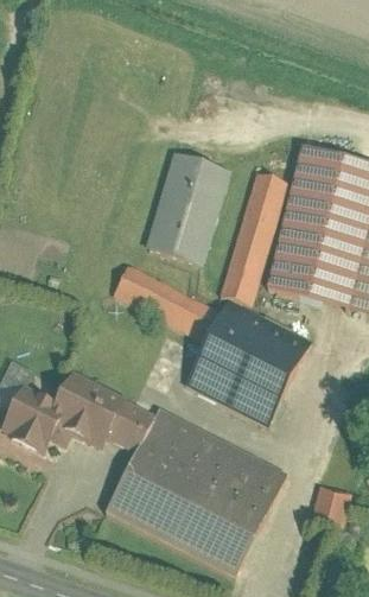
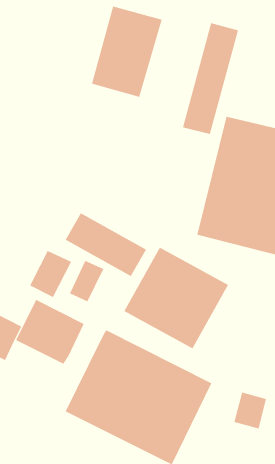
building: [146,153,233,265] -> [91,6,162,98]
building: [217,170,286,306] -> [182,22,239,134]
building: none -> [30,250,72,298]
building: [113,400,155,451] -> [69,260,104,302]

